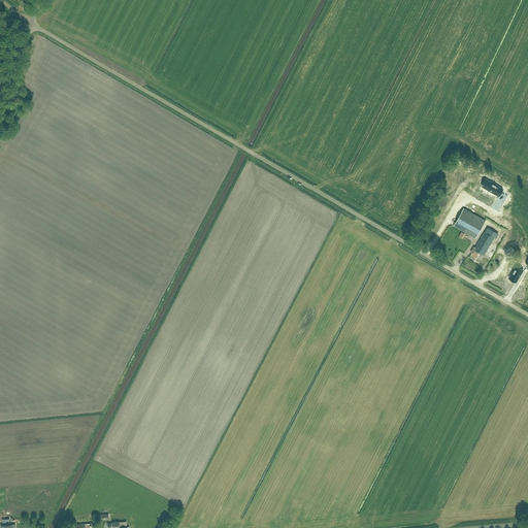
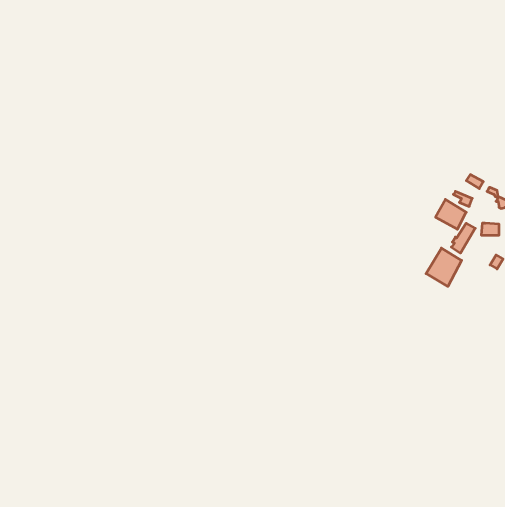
building: none -> [426,248,462,286]

